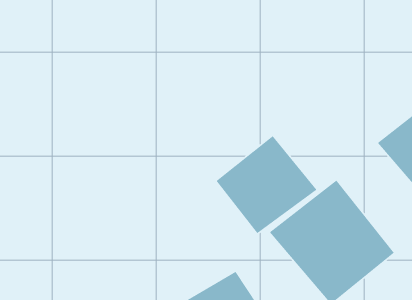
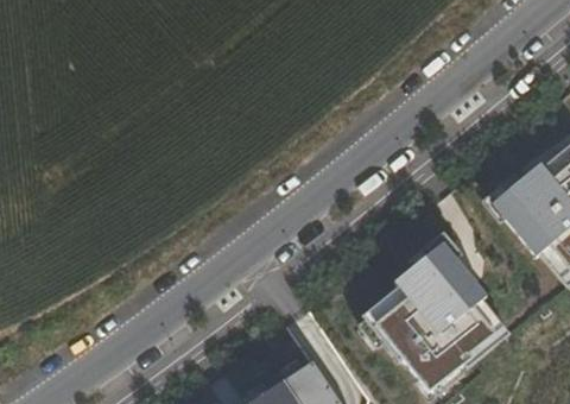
building: [216,135,317,234] -> none

